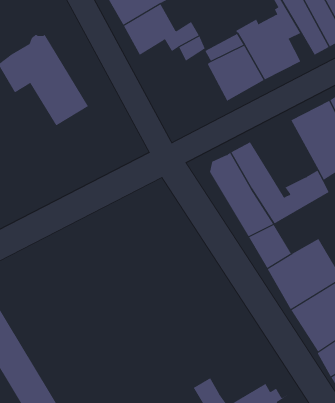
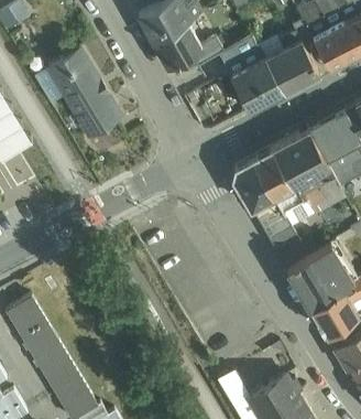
building: none -> [272,130,335,187]

